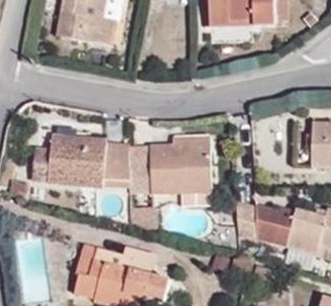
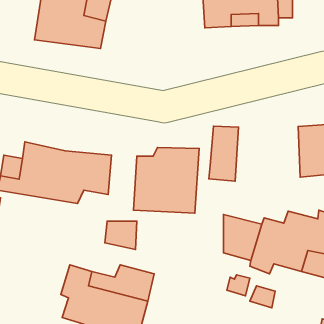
building: [124,145,151,196] -> [209,126,239,181]

